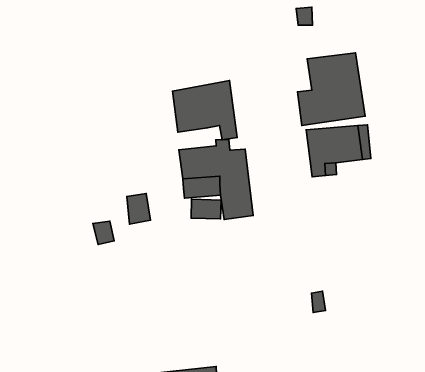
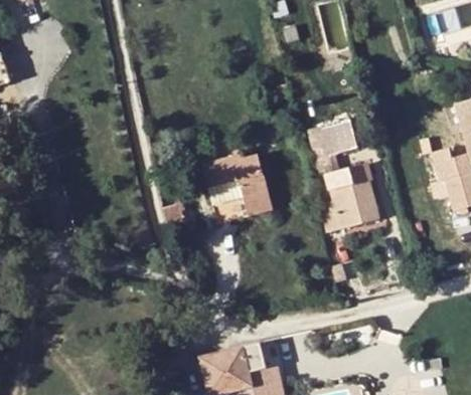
building: [298,53,365,126] -> [320,165,380,233]
building: [173,81,237,140] -> none

